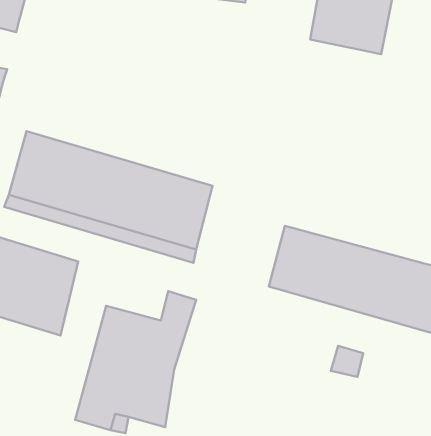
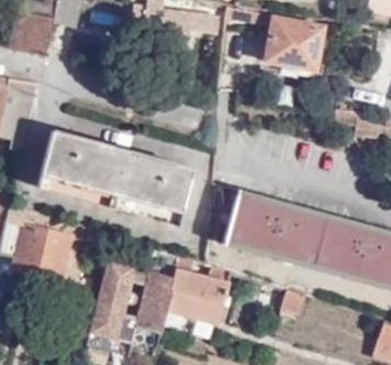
building: none -> [162,254,229,322]

